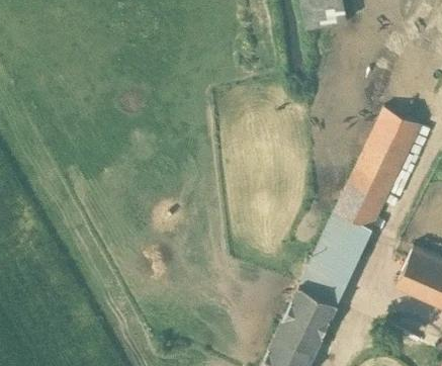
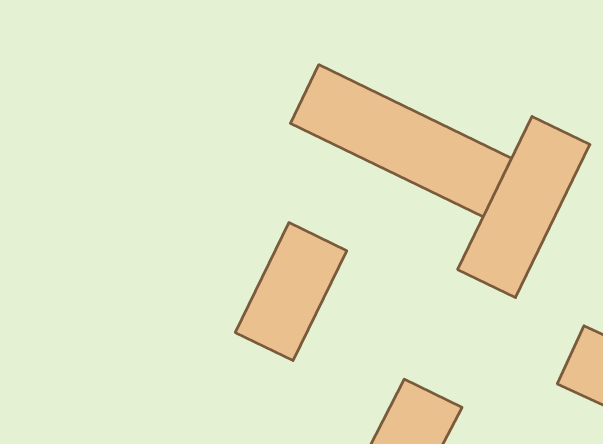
building: none -> [290,65,512,217]
building: [297,212,373,306] -> [235,223,347,361]

